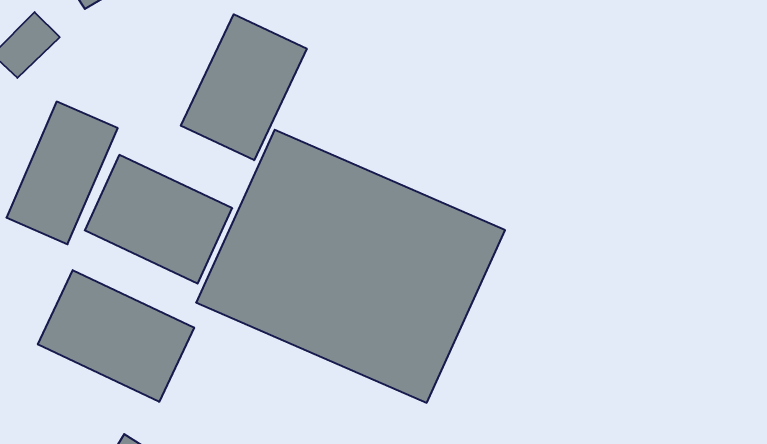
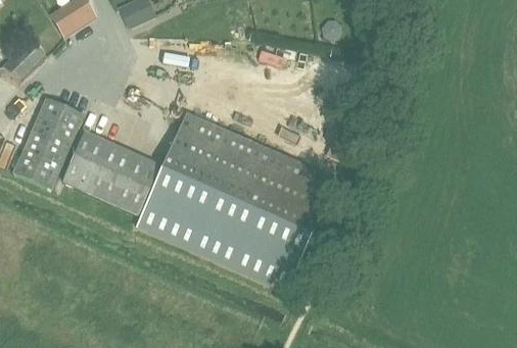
building: [181,14,307,160] -> none
building: [38,270,194,402] -> none

